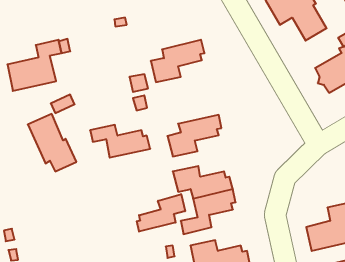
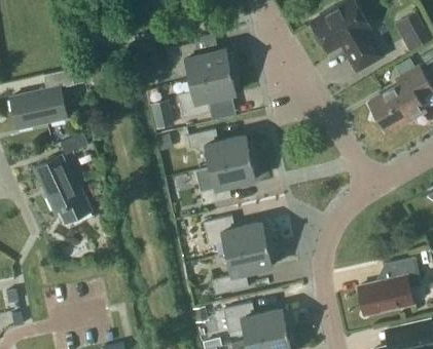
building: none -> [168,43,236,81]
building: [90,125,150,158] -> [186,129,256,167]
building: [137,194,185,232] -> none

